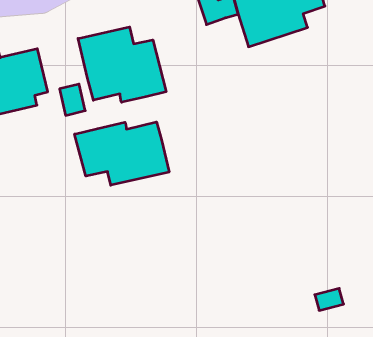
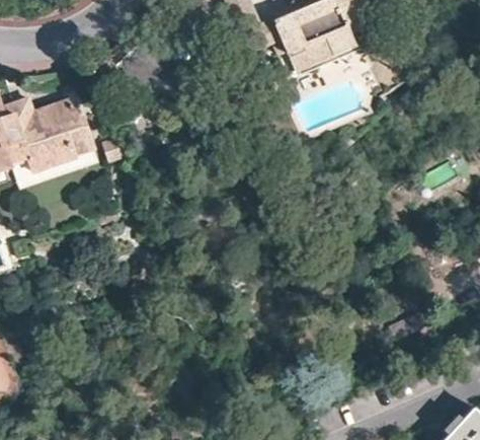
building: [78,27,166,102] -> none
building: [75,122,169,185] -> none

